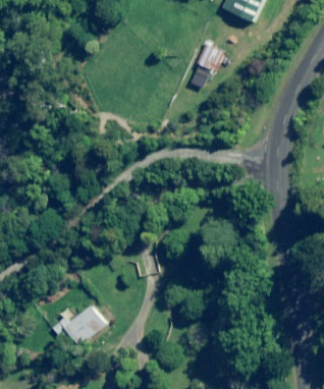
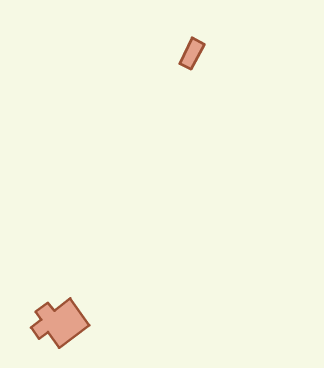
building: [195,43,221,70] -> none

